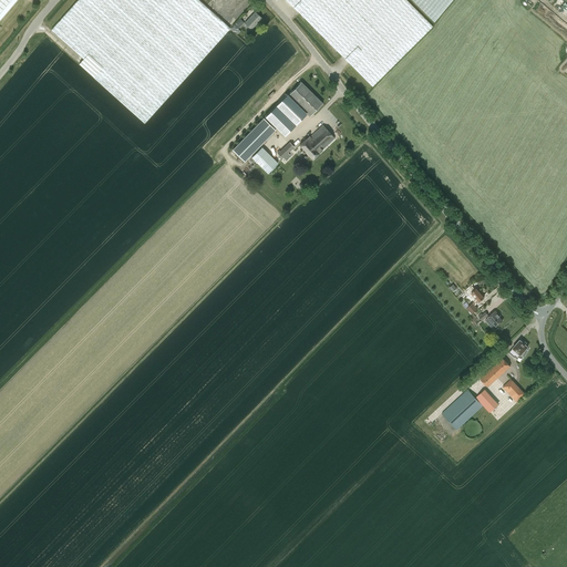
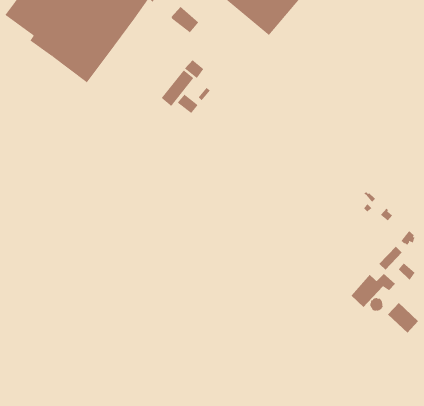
building: [288,81,322,115] -> [171,6,199,33]
building: [300,124,334,158] -> none
building: none -> [387,302,419,333]

